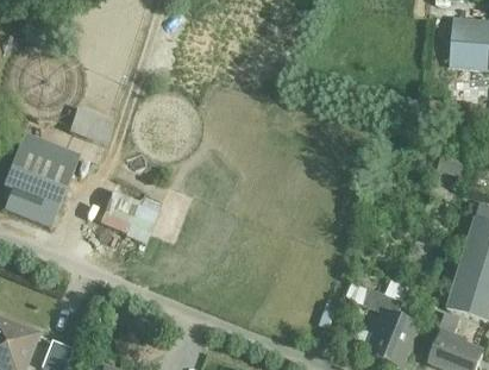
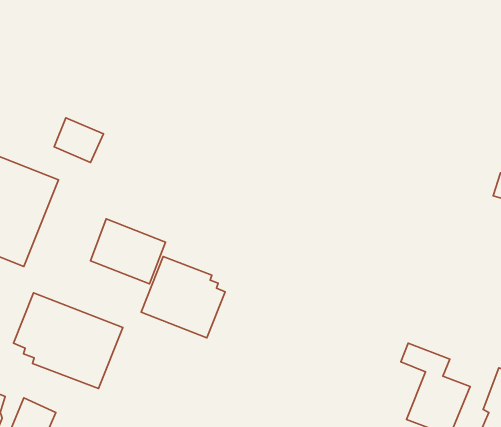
building: none -> [141,257,225,338]
building: none -> [13,293,123,389]

